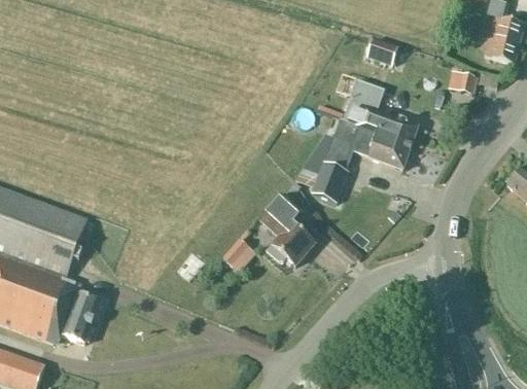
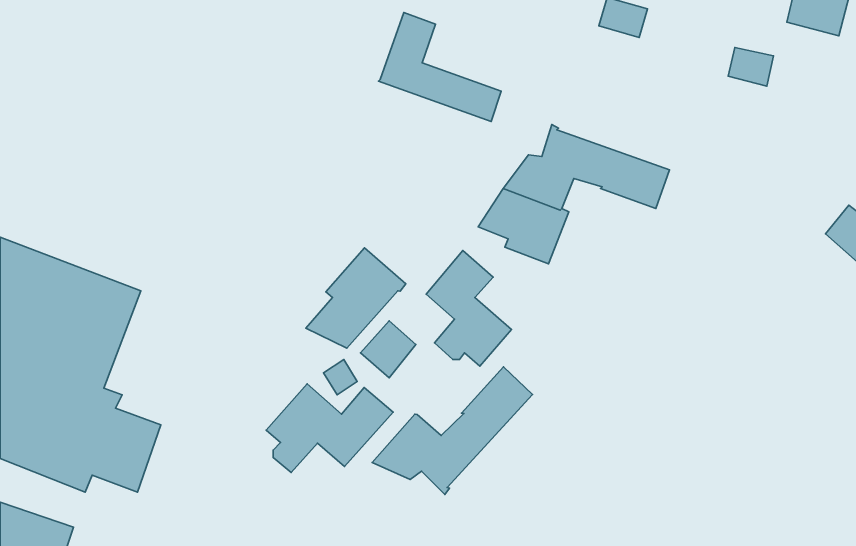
building: [342,77,417,144] -> [379,12,501,121]
building: none -> [306,248,406,348]
building: none -> [372,367,533,495]
building: none -> [266,384,393,472]

